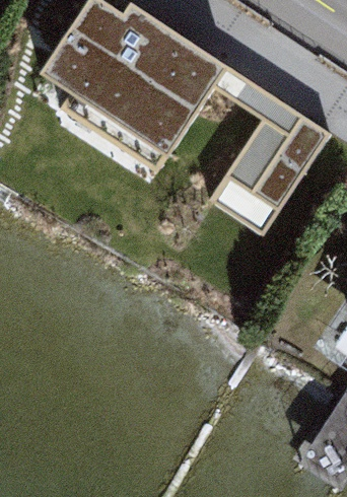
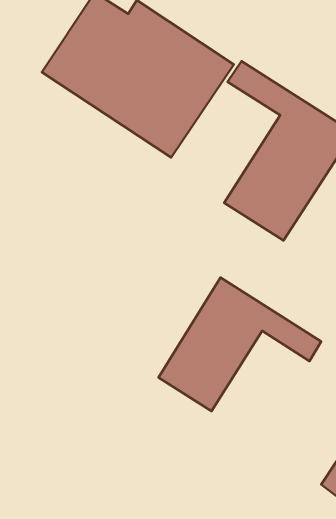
building: none -> [158,277,321,411]

